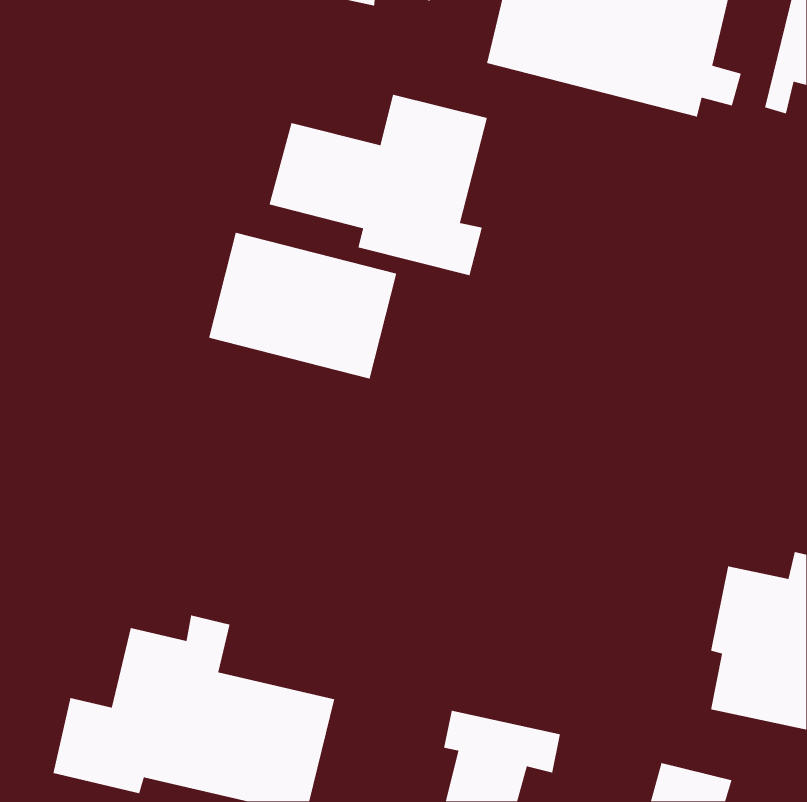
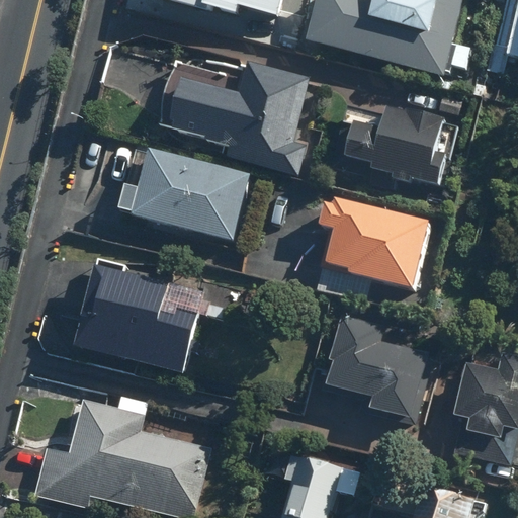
building: none -> [329,104,448,187]
building: none -> [321,198,432,289]
building: none -> [76,265,203,368]
building: none -> [328,311,429,418]

